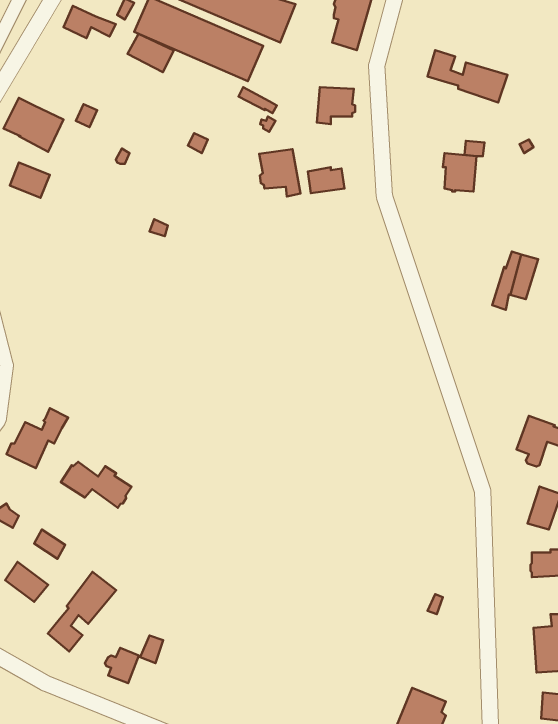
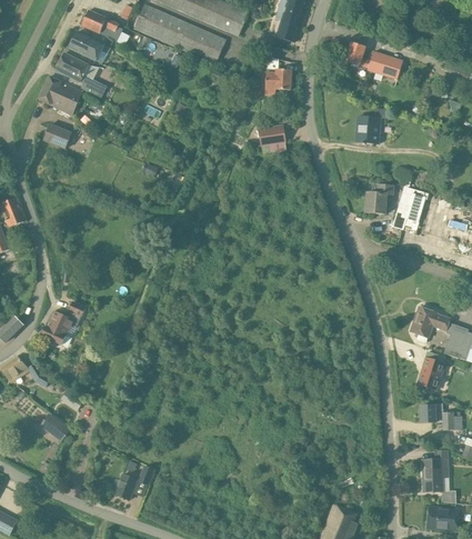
building: [128,34,174,72] -> [69,31,102,59]
building: none -> [56,52,87,80]
building: [259,149,300,197] -> none
building: none -> [364,183,392,212]
building: [61,462,131,508] -> none
building: [48,572,116,651] -> none

